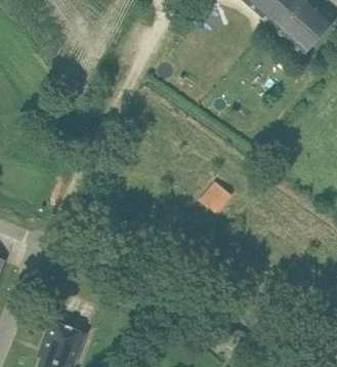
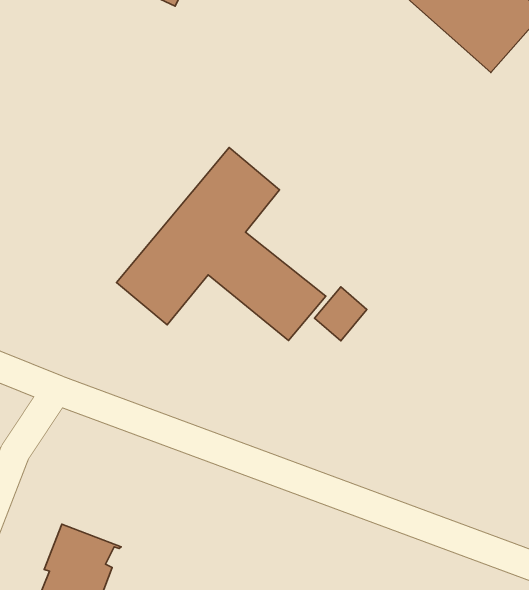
building: none -> [117,147,326,341]

